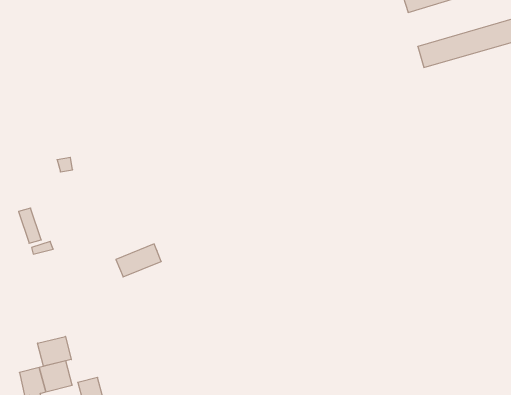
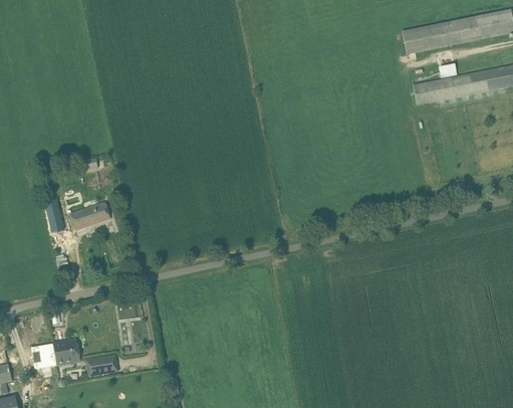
building: [116,244,161,277] -> [70,202,110,229]
building: [38,336,71,366] -> none

